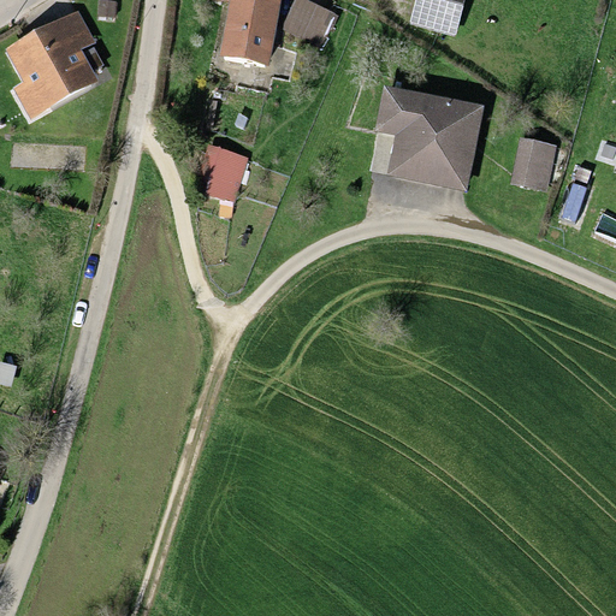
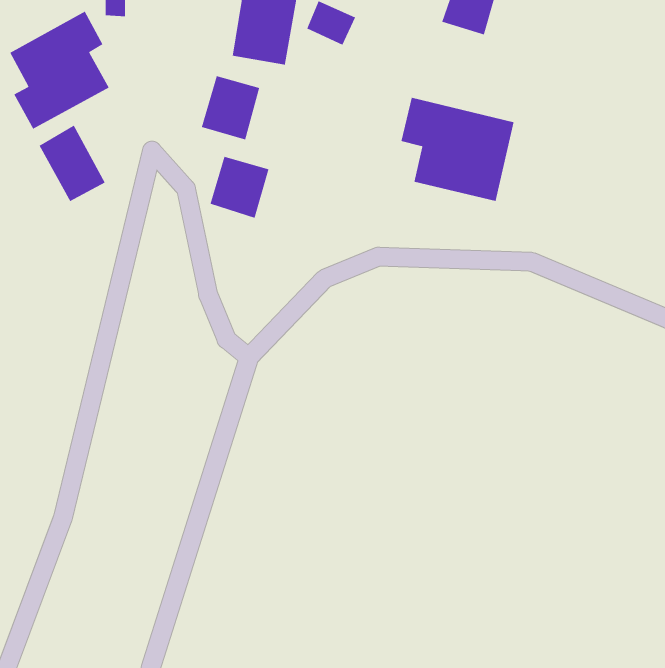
building: none -> [201,75,260,141]
building: none -> [39,125,106,202]
building: [514,137,559,191] -> none

